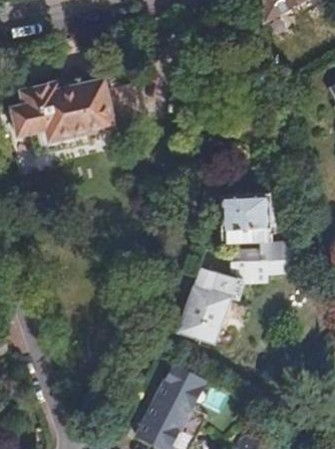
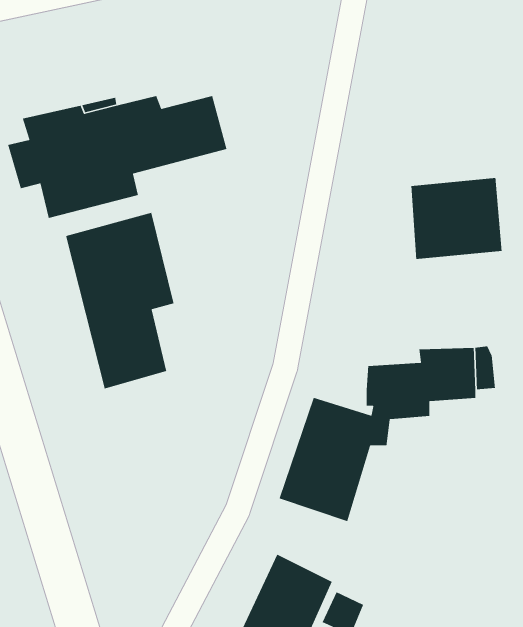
building: none -> [65,212,175,389]
building: [208,190,264,240] -> [410,177,503,260]

